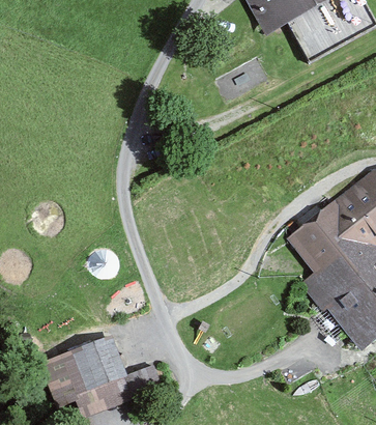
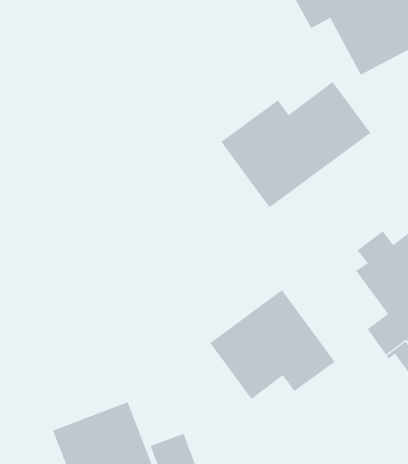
building: none -> [220,81,371,208]
building: none -> [209,289,336,400]

